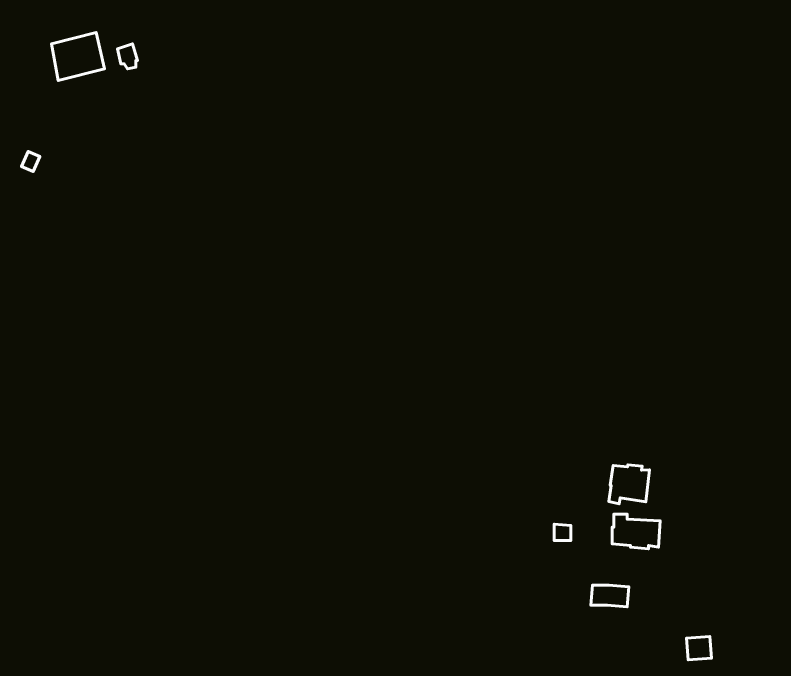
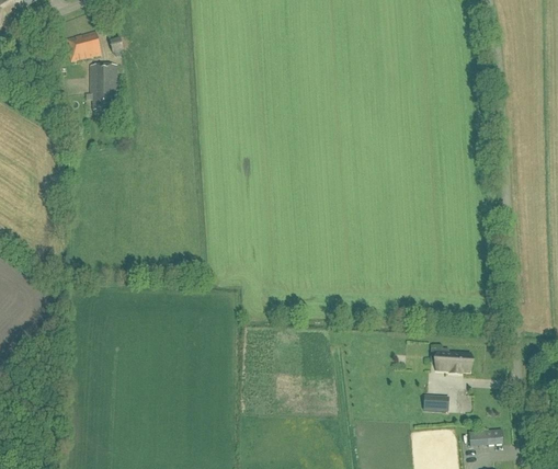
building: none -> [89,65,116,108]
building: [609,465,649,504] -> none

